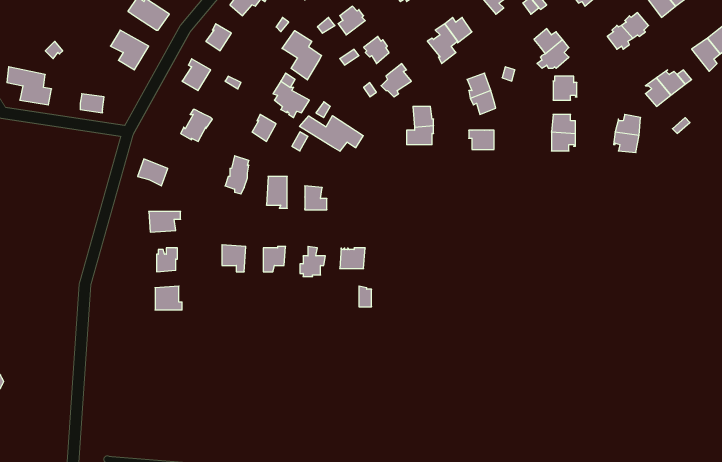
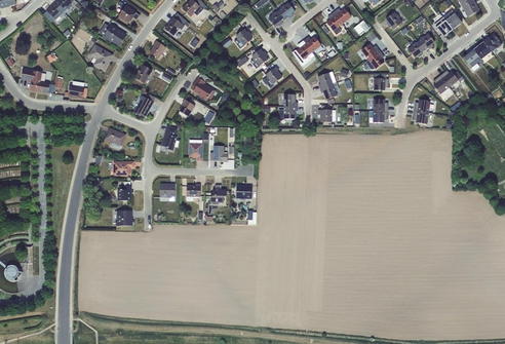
building: [282,31,322,80] -> none
building: [300,116,363,151] -> none

